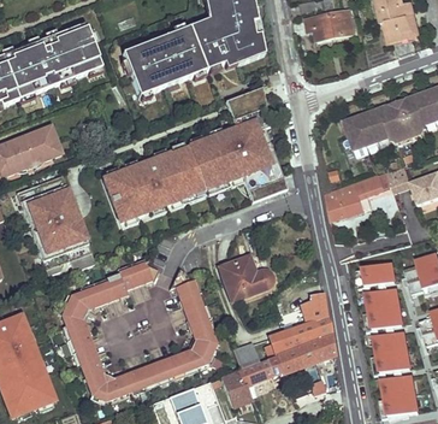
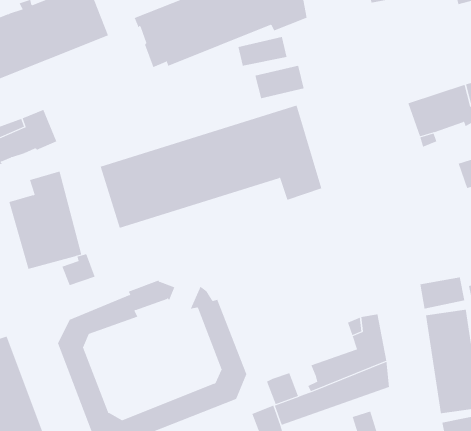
building: none -> [238,36,287,67]
building: [326,170,395,219] -> none
building: [221,257,272,300] -> none

